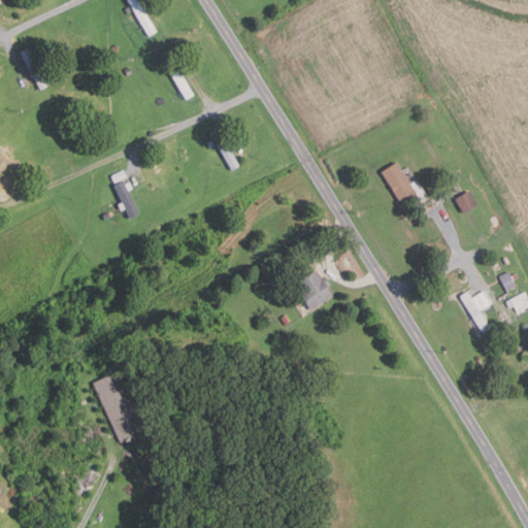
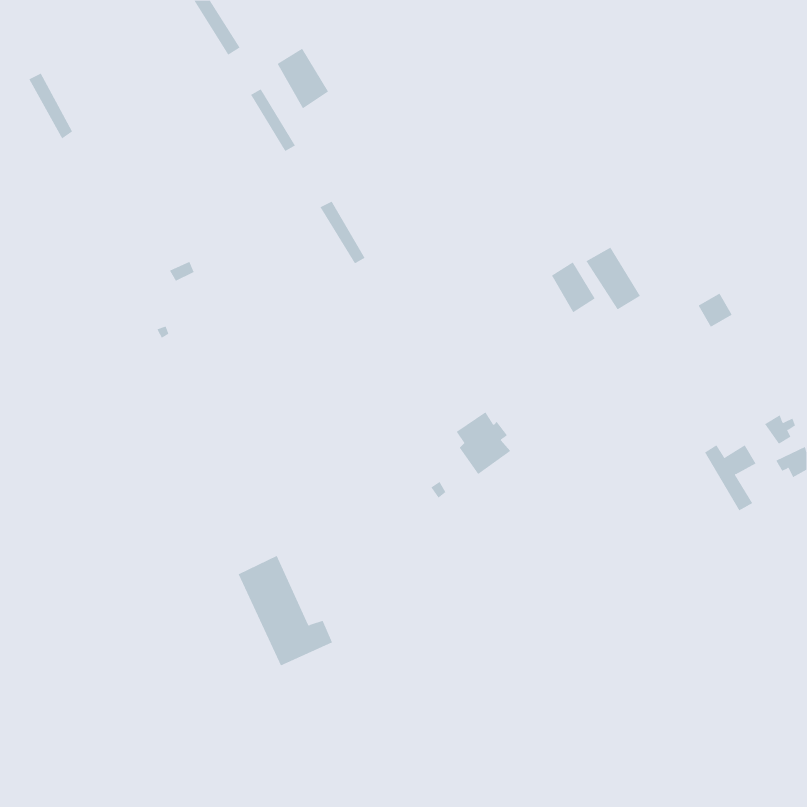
building: none -> [277,48,329,109]
building: none -> [551,262,596,313]
building: [114,183,139,221] -> none
building: [92,372,154,444] -> [238,555,333,666]

